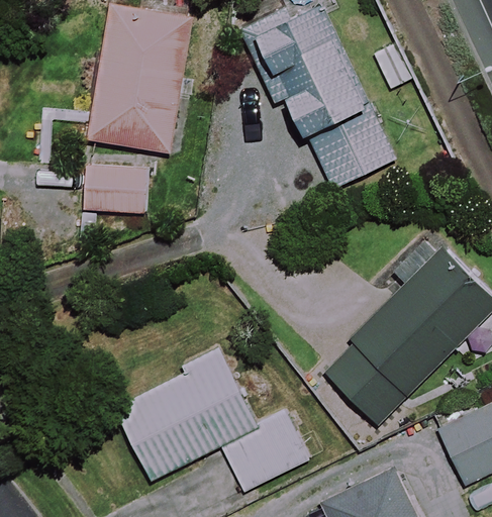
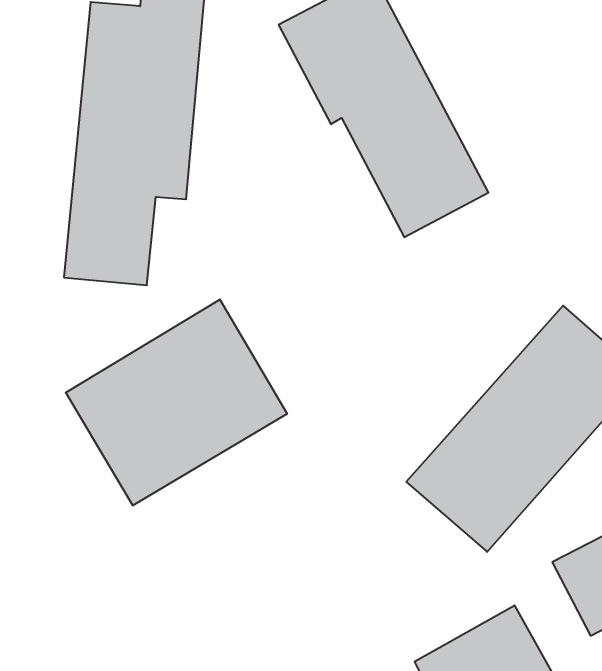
building: none -> [66,299,287,506]
building: [115,353,309,493] -> none

